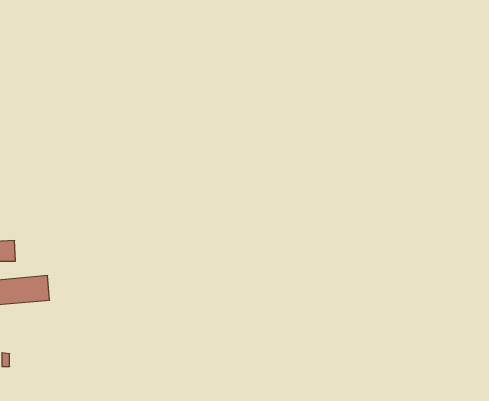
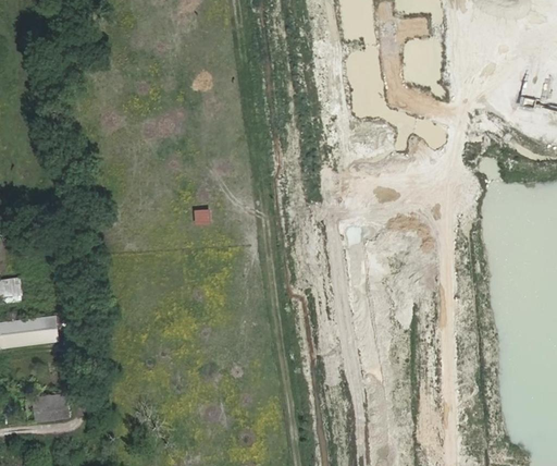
building: none -> [30,394,66,420]

